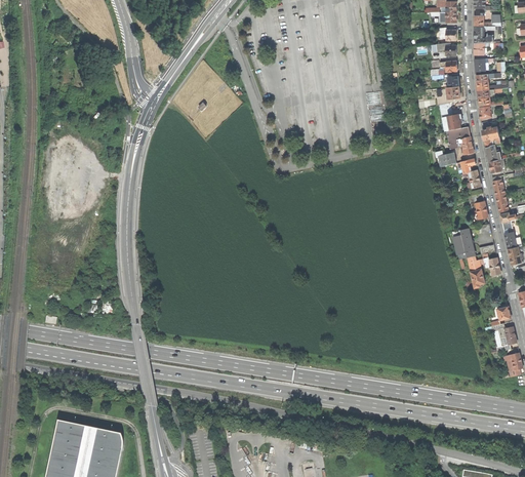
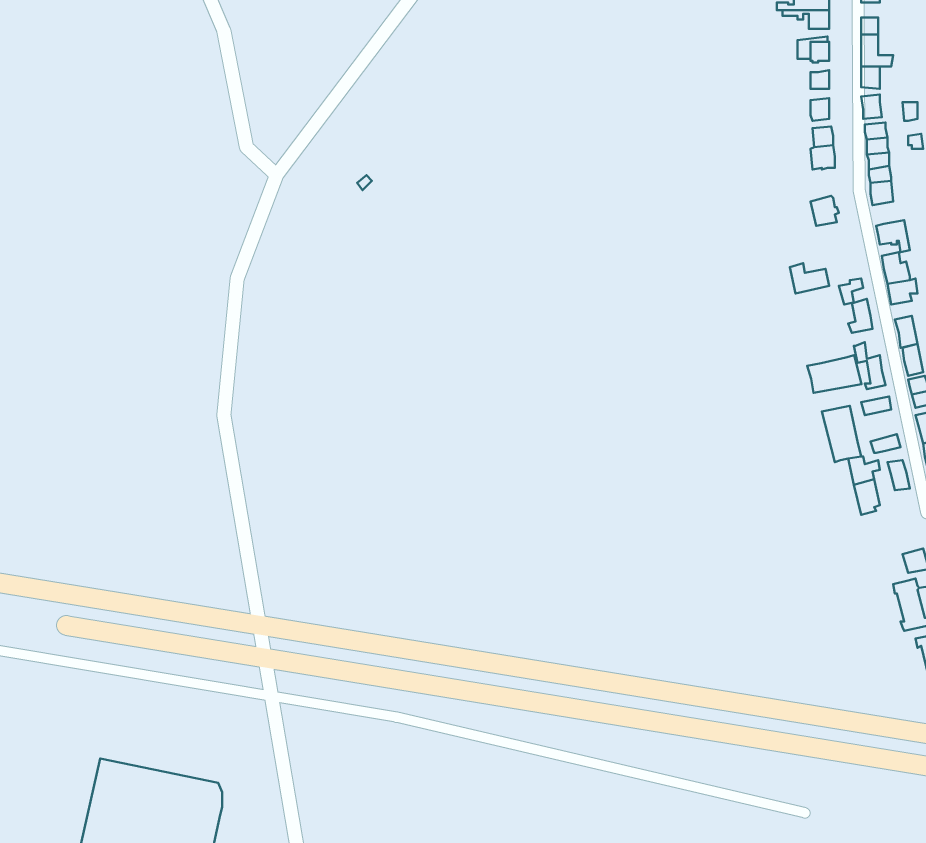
building: [446,127,473,154] -> none
building: none -> [807,355,861,393]

